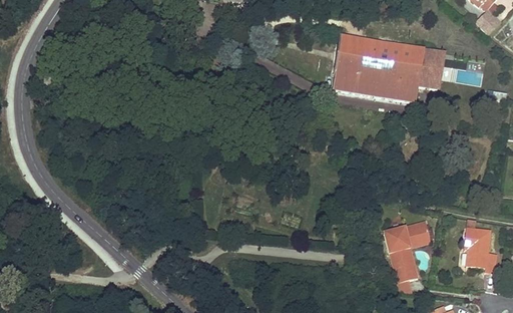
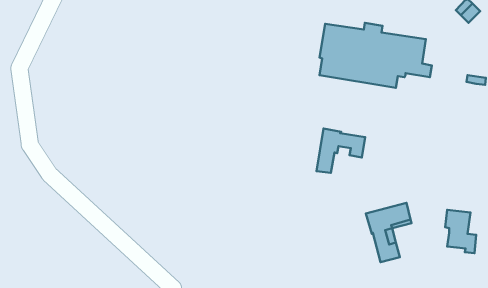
building: none -> [317,129,365,173]

